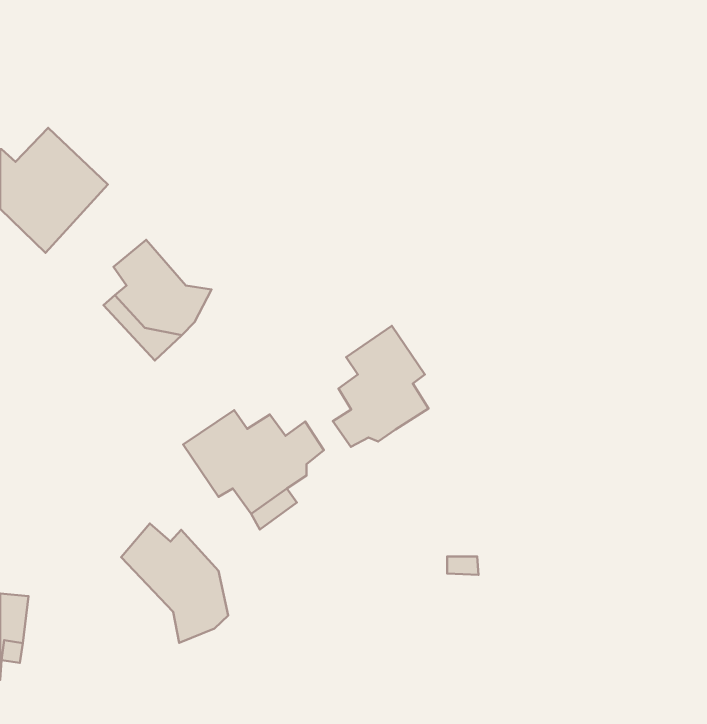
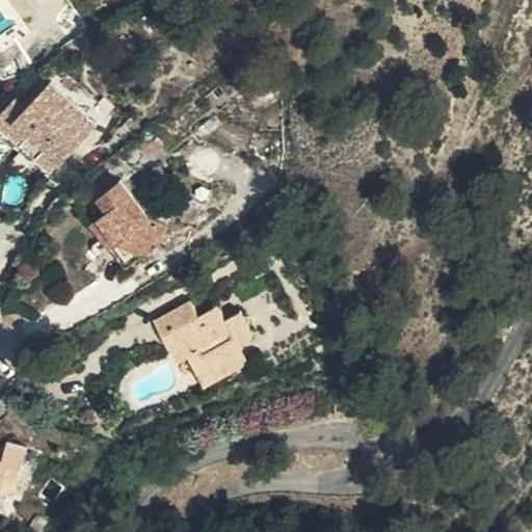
building: [333,326,429,447] -> none
building: [121,523,228,643] -> none

